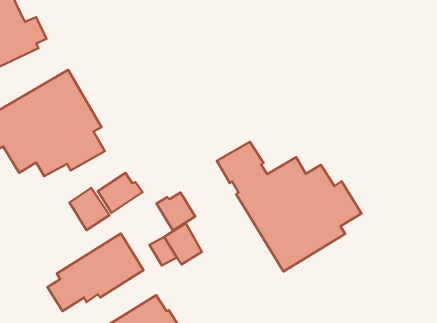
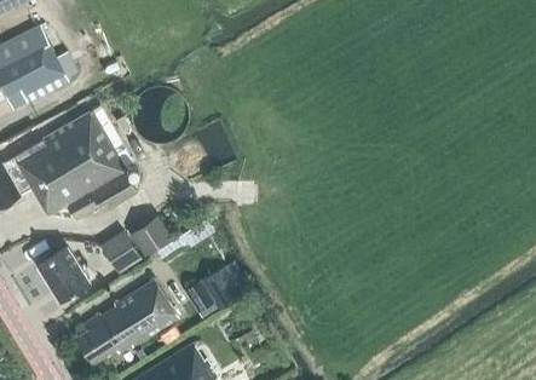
building: [217,142,361,271] -> none
building: [156,192,195,231] -> none
building: none -> [38,248,90,301]

